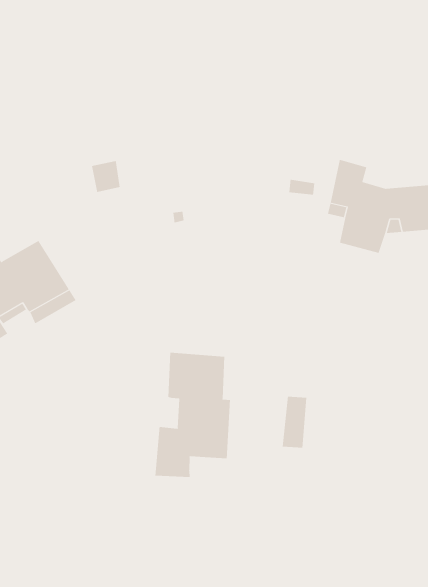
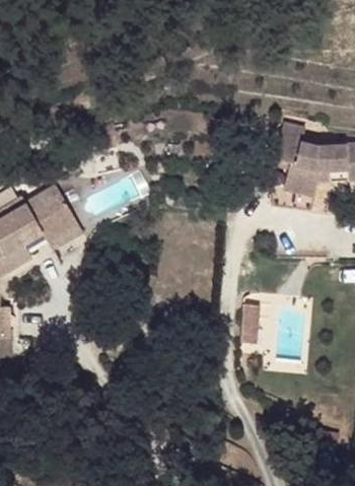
building: [155,352,231,478] -> none

